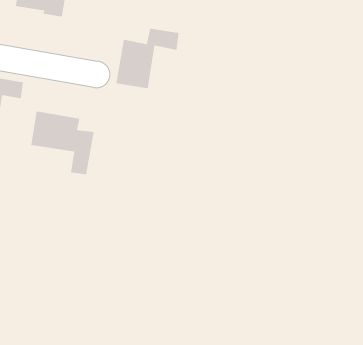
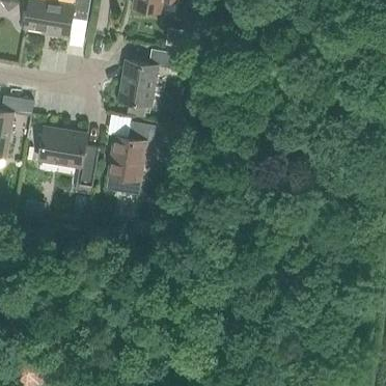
building: none -> [106,120,156,191]

